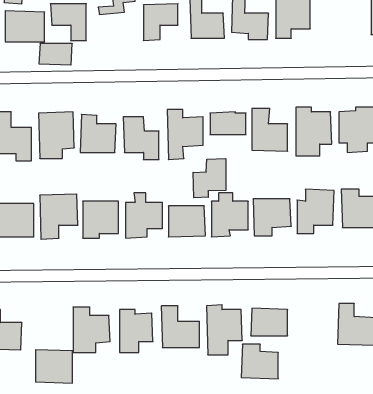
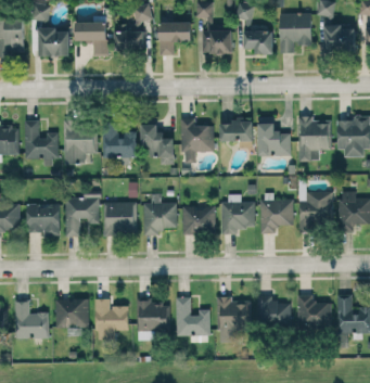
building: none -> [323,25,356,51]
building: [39,44,72,65] -> [114,31,144,51]
building: [193,159,226,198] -> none
building: [241,344,278,379] -> [297,295,331,327]
building: [36,350,72,383] -> [55,298,89,329]

